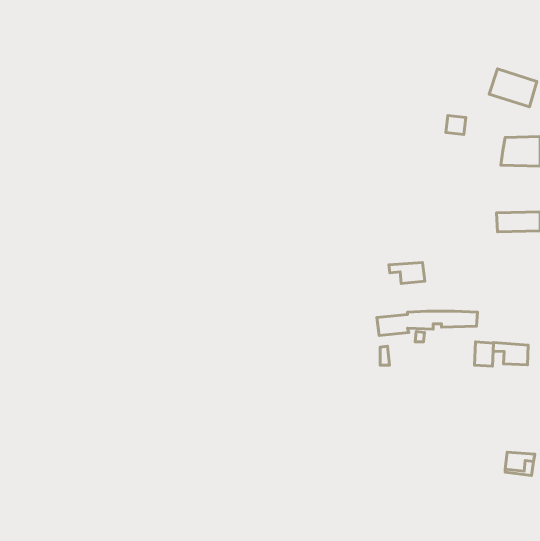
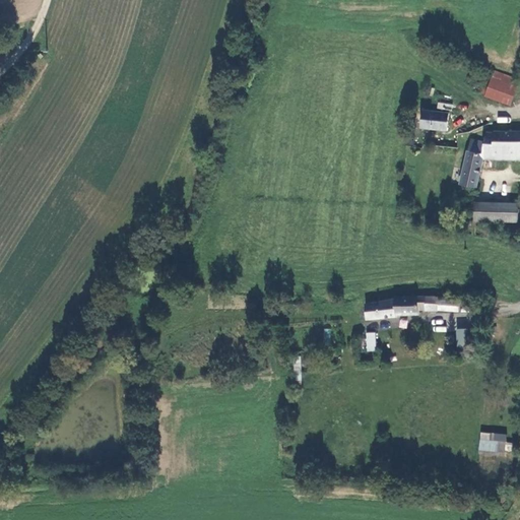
building: none -> [458,142,482,189]
building: [389,262,425,284] -> none
building: [493,342,528,365] -> none

